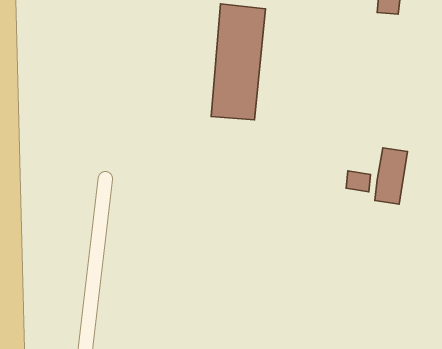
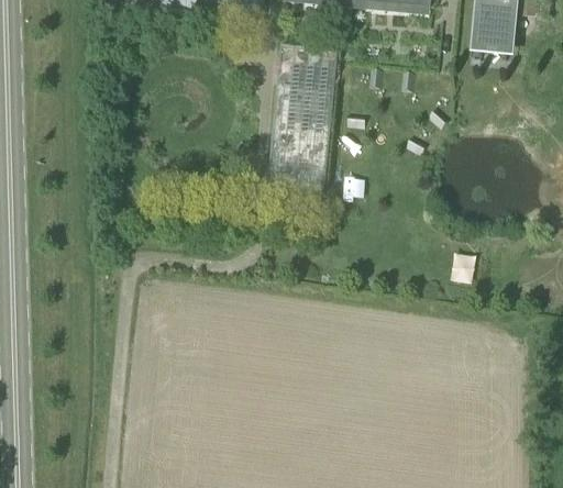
building: [375,148,407,204] -> none

